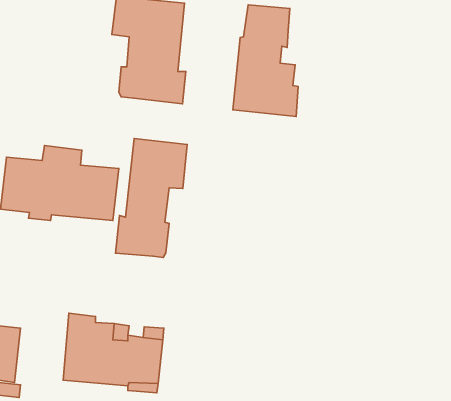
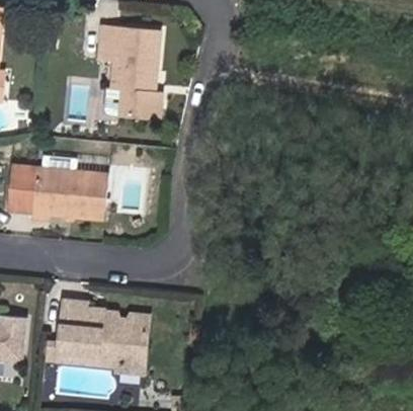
building: [233,5,298,117] -> none
building: [115,139,187,258] -> none

